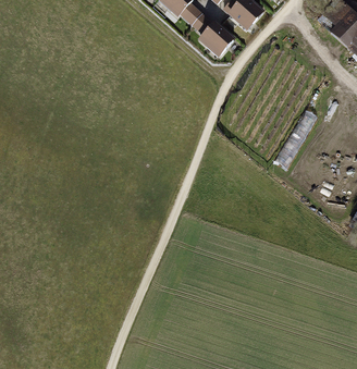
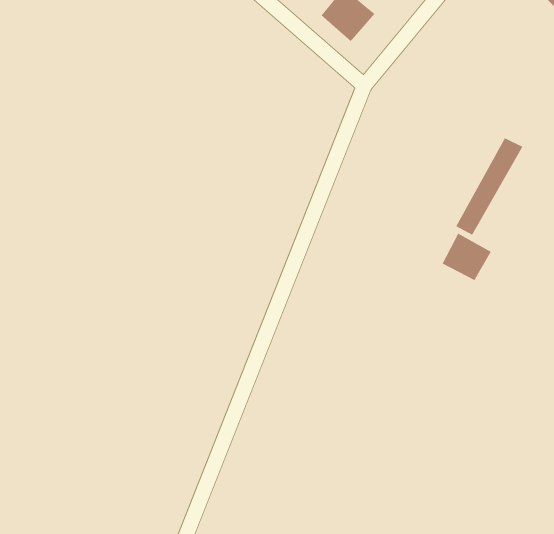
building: none -> [442,233,492,281]

